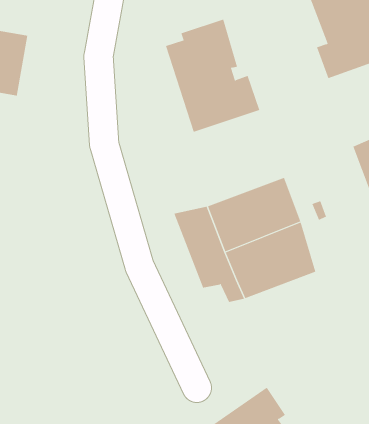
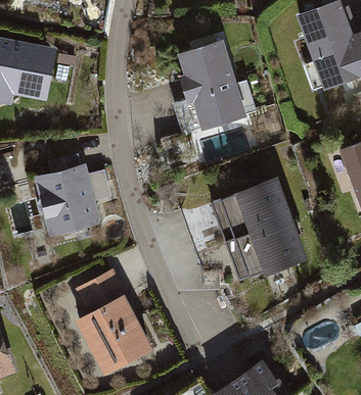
building: none -> [35,161,112,237]
building: none -> [71,266,155,372]

